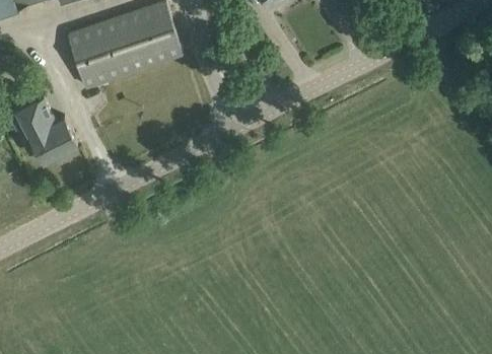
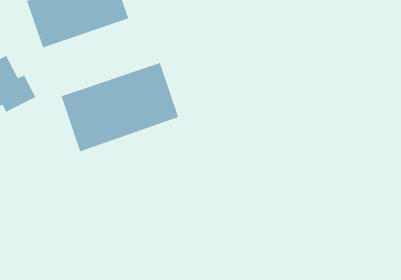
building: none -> [61,62,179,152]

